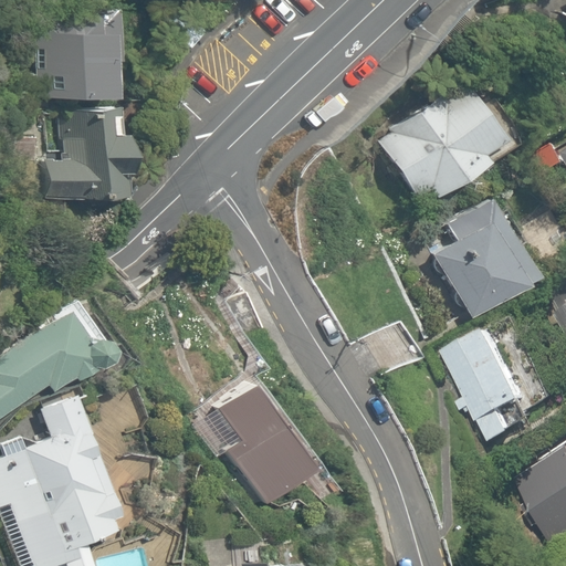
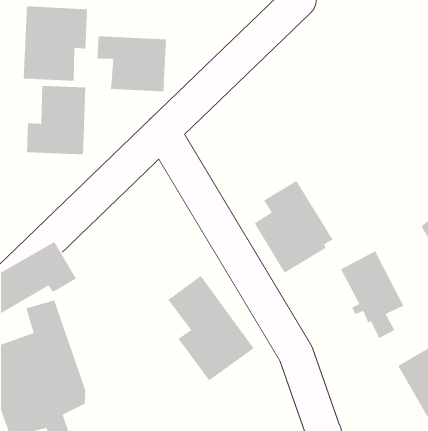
building: none -> [97,36,166,92]
building: [379,83,506,198] -> none
building: [432,198,536,319] -> [254,180,333,273]

